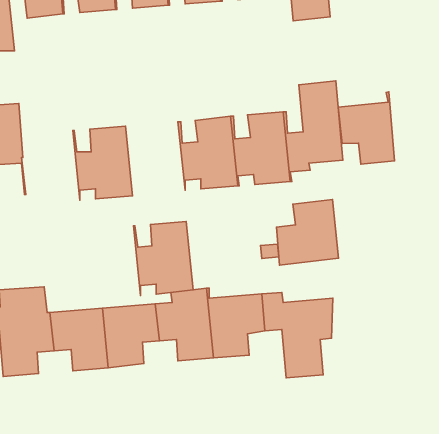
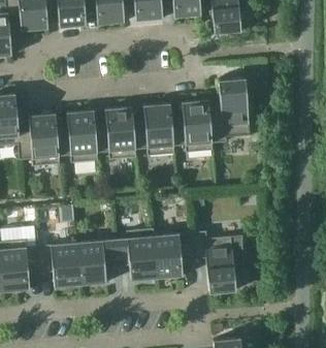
building: [338,92,394,164] -> none
building: none -> [17,114,59,166]
building: [276,199,338,265] -> none
building: [134,222,193,296] -> [92,107,135,161]

